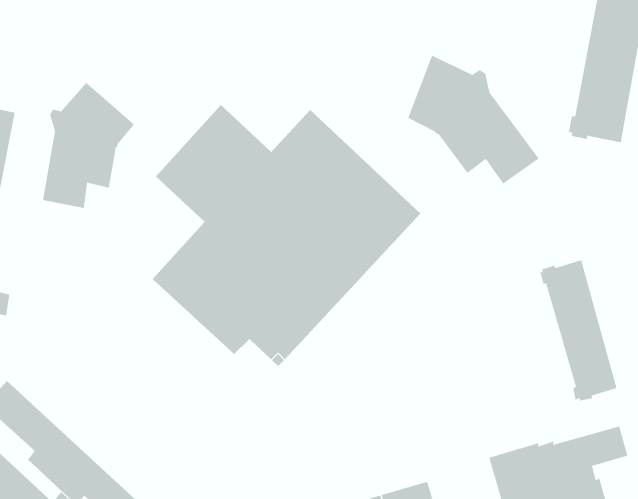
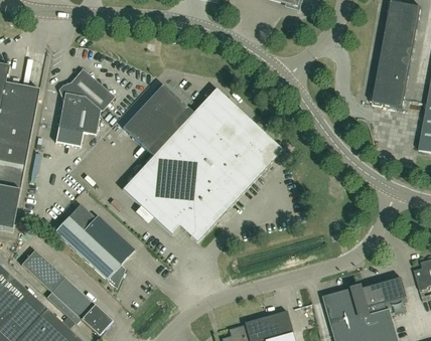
building: [407,55,540,185] -> none
building: [539,260,617,401] -> none
building: none -> [54,204,134,288]

